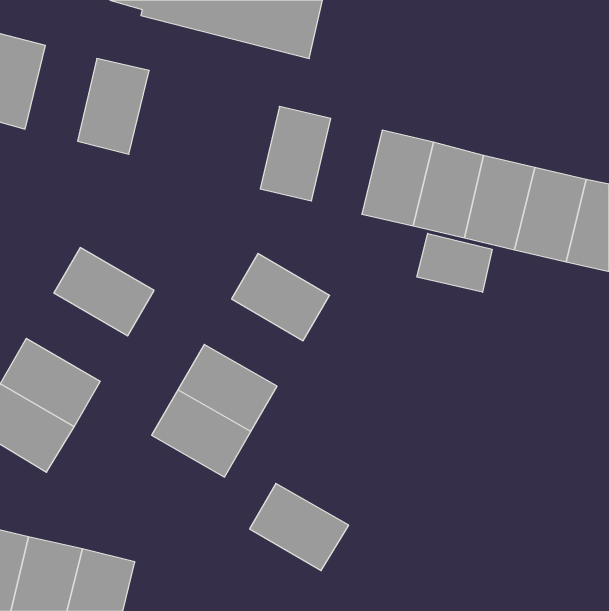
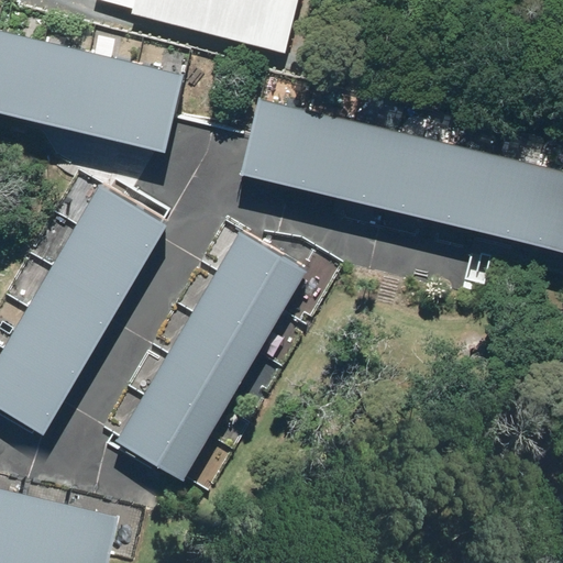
building: none -> [23,42,89,130]
building: none -> [119,65,185,153]
building: none -> [287,109,352,197]
building: none -> [74,186,166,267]
building: [417,233,492,292] -> none
building: none -> [24,269,118,351]
building: none -> [188,275,279,355]
building: [250,483,349,571] -> [115,400,207,481]

